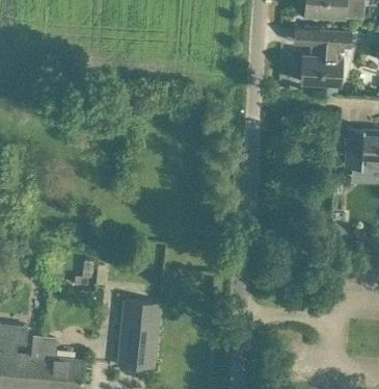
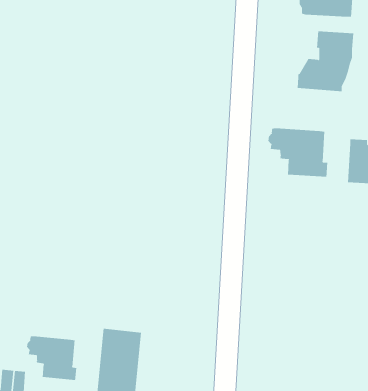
building: none -> [268,128,328,178]
building: none -> [26,335,77,381]

